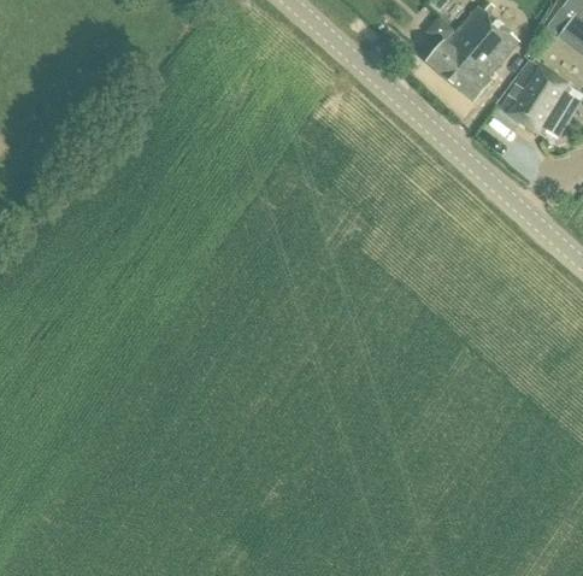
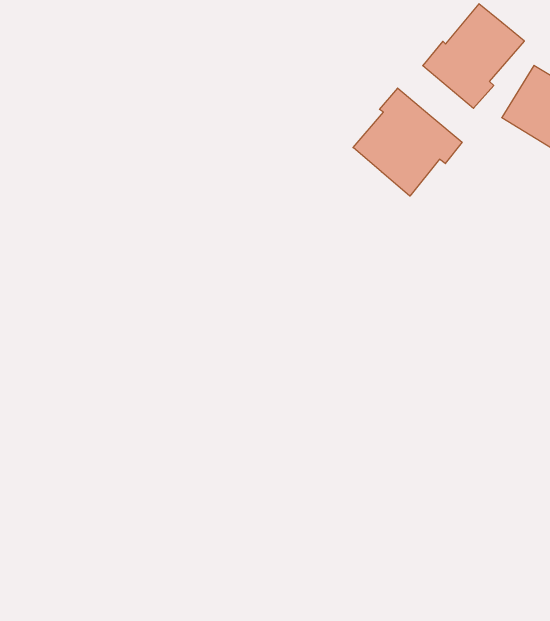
building: none -> [353,88,462,196]

